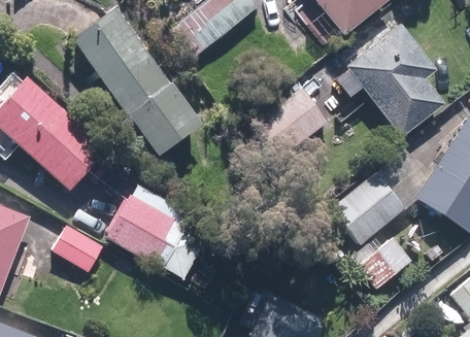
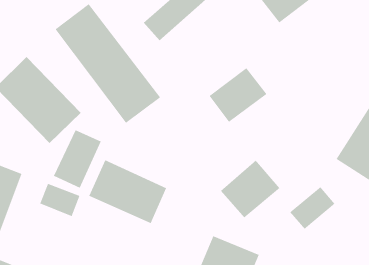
building: [343,22,447,140] -> none
building: none -> [53,129,102,189]
building: [333,172,407,244] -> [220,160,280,219]

